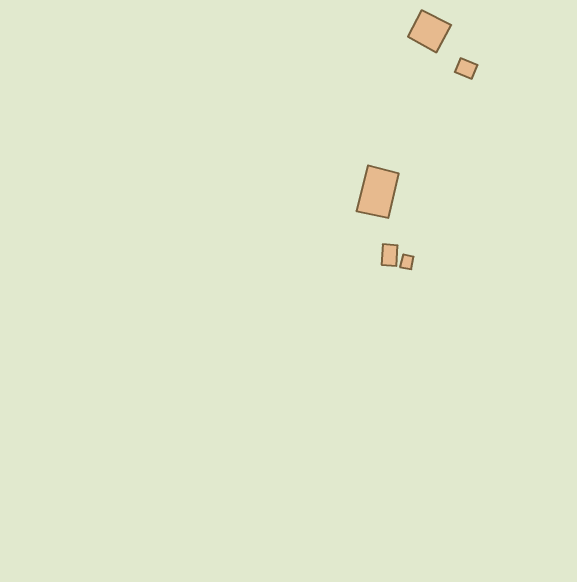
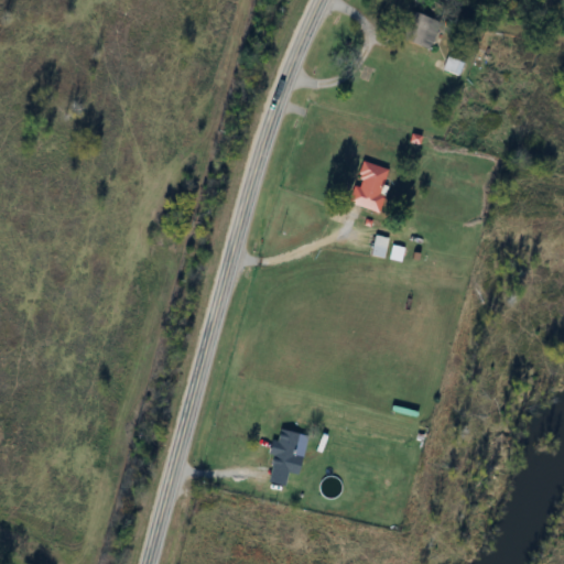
building: none -> [272,429,310,476]

